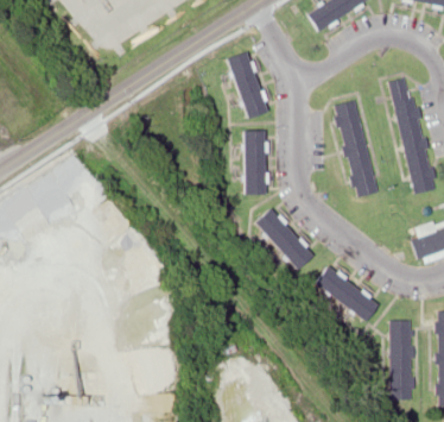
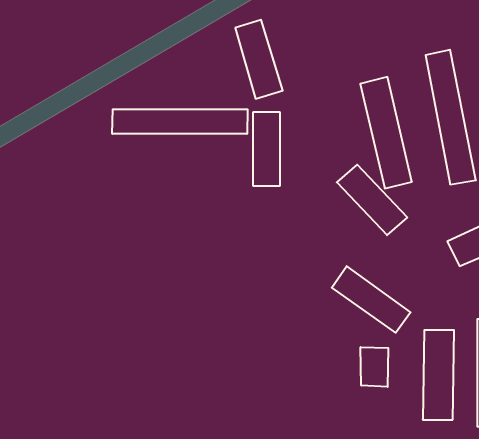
building: none -> [112,109,248,134]
building: [250,208,312,270] -> [337,165,407,235]
building: none -> [361,347,388,387]

